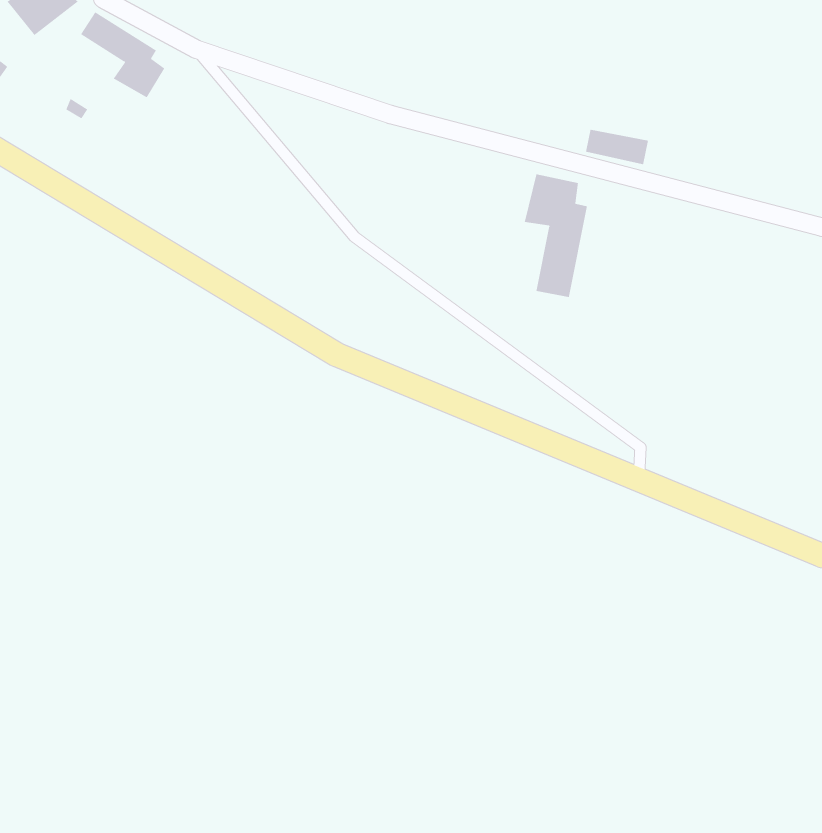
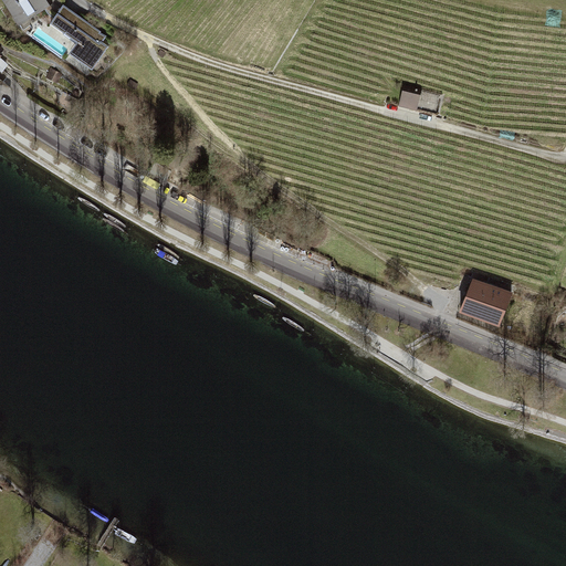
building: [524,174,588,298] -> none
building: none -> [453,276,501,321]

